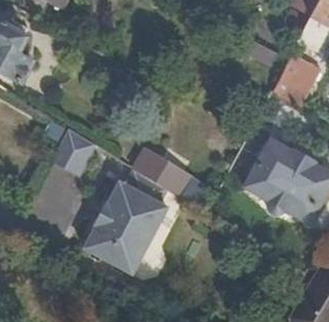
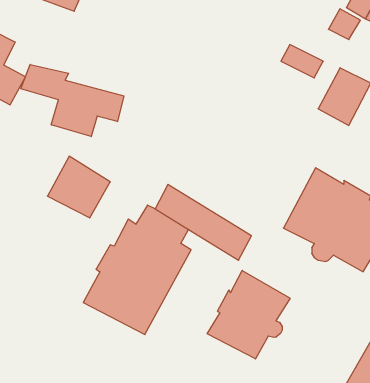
building: none -> [21,64,124,137]
building: none -> [207,270,290,359]

